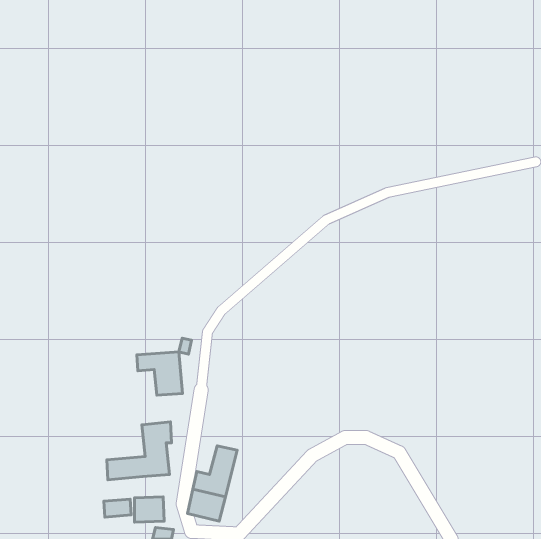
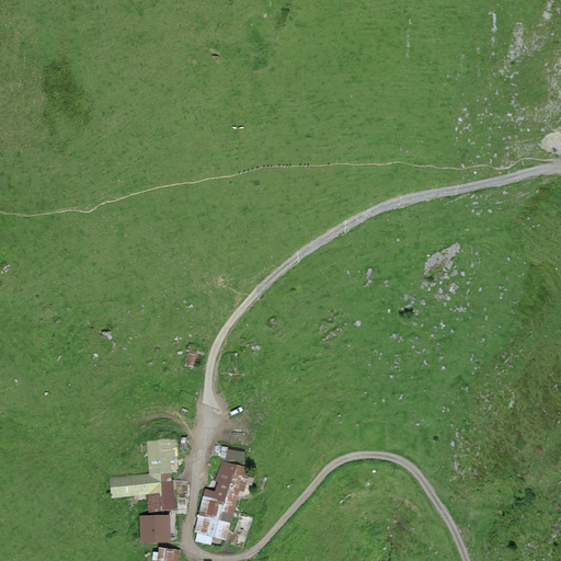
building: [137,352,183,395] -> none
building: [104,499,131,517] -> [148,492,176,511]

